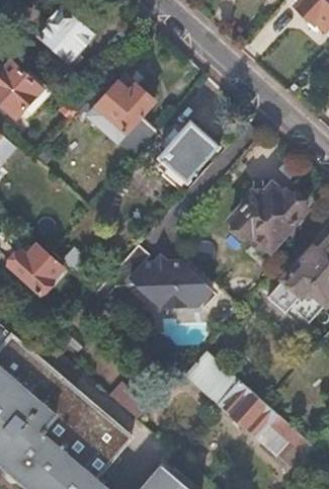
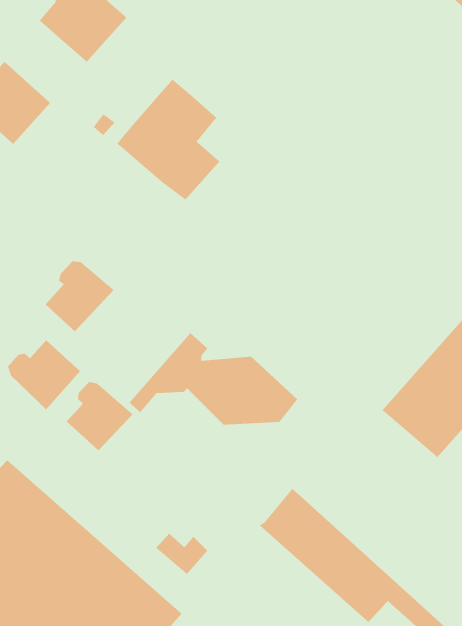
building: [161,121,220,181] -> none
building: [231,183,306,251] -> none
building: none -> [45,260,114,332]
building: none -> [66,381,133,451]

